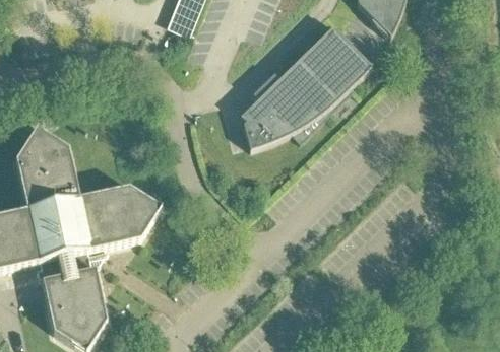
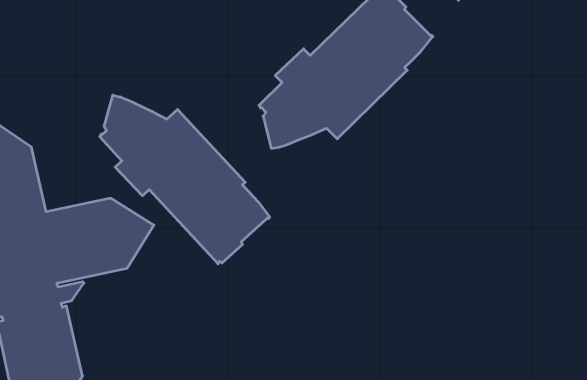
building: none -> [100,95,270,264]

